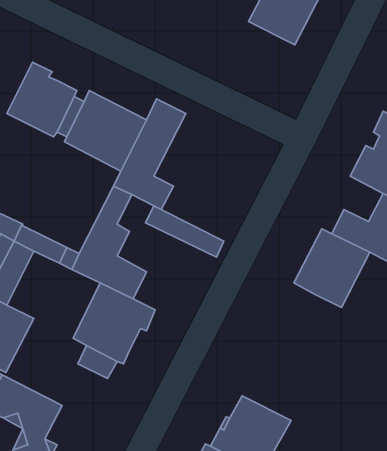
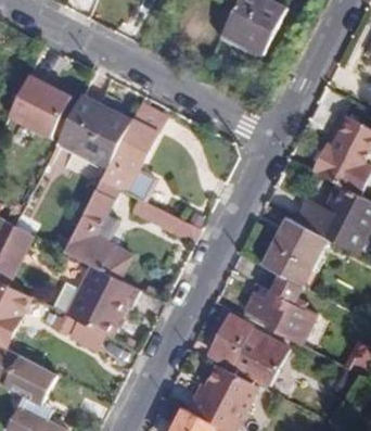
building: none -> [243,275,317,346]
building: none -> [208,315,286,386]

